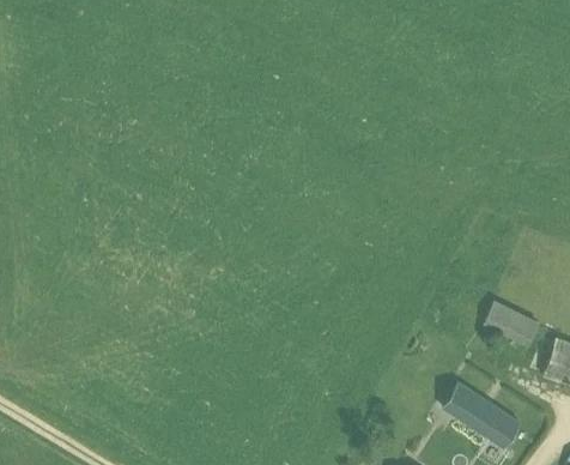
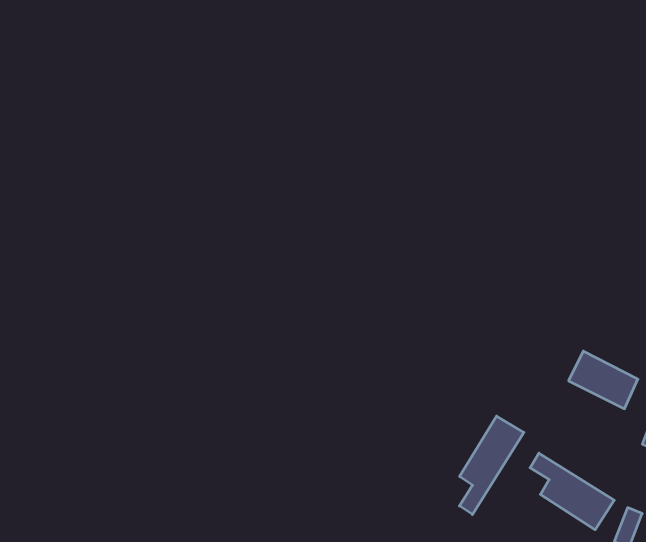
building: none -> [459,416,524,515]

